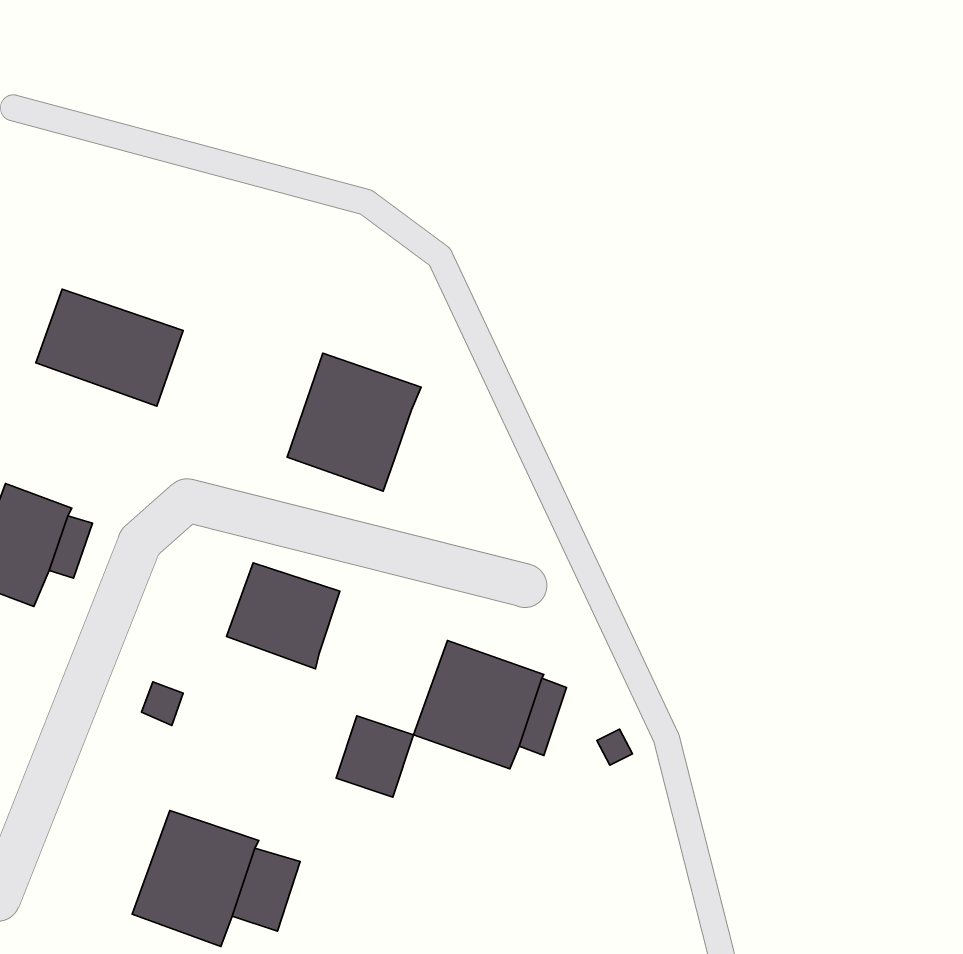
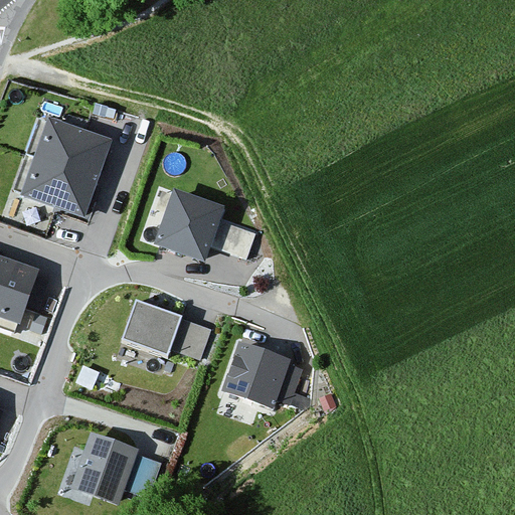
building: none -> [33,117,111,176]
building: none -> [210,218,256,256]
building: [336,716,414,797] -> [170,315,211,358]

